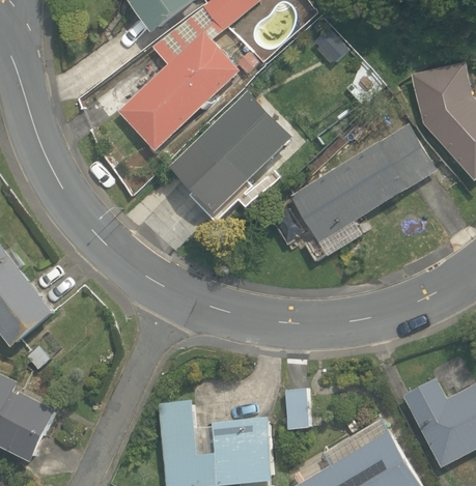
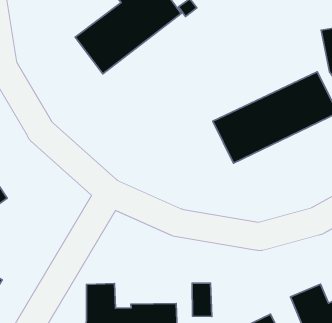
building: [170,89,295,211] -> none

